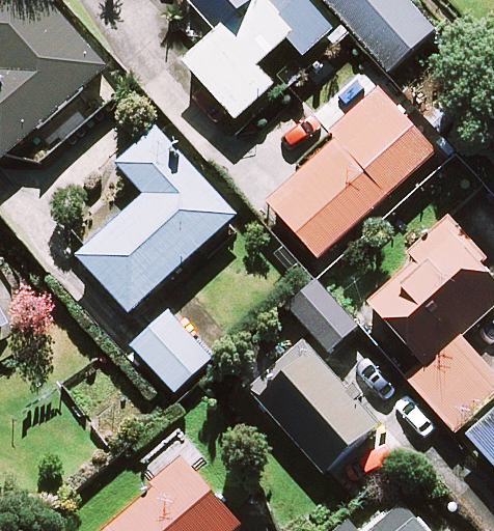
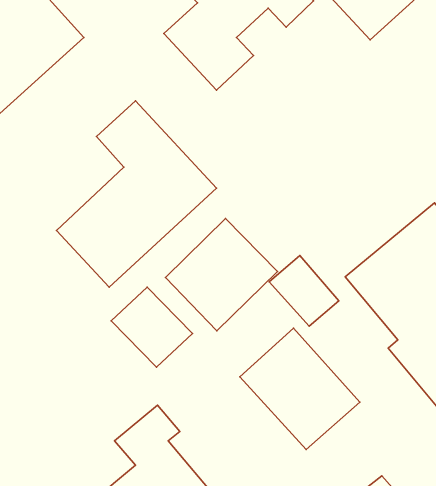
building: [265,85,437,255] -> none
building: none -> [166,218,277,331]

